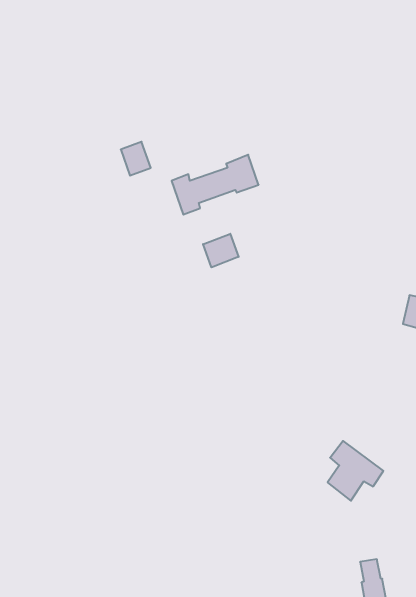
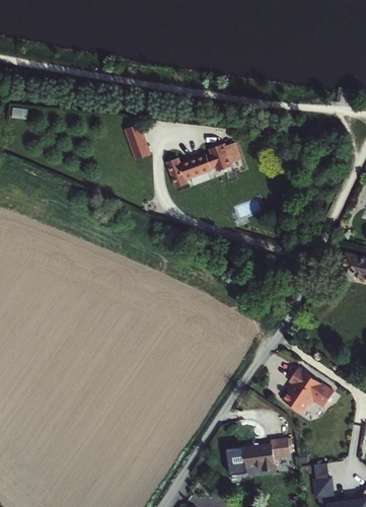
building: [203,234,239,267] -> none
building: none -> [223,438,288,474]

